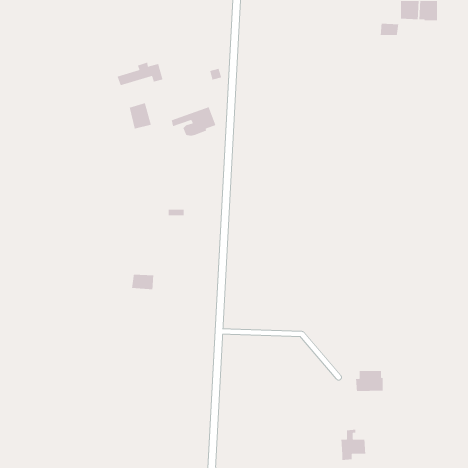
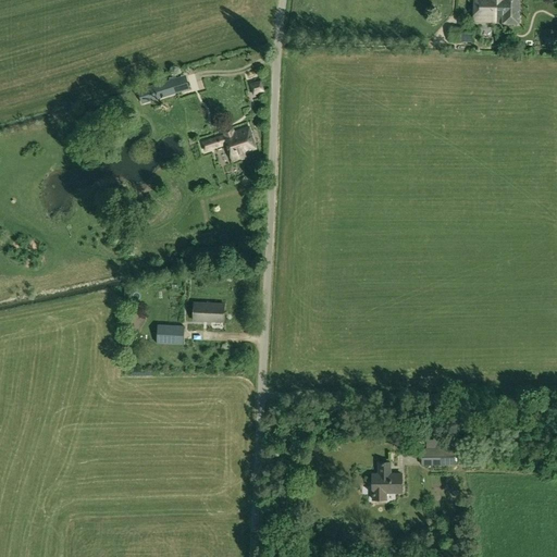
building: [129,102,152,129] -> none
building: none -> [194,304,223,322]
building: [341,429,366,461] -> [371,462,401,500]

